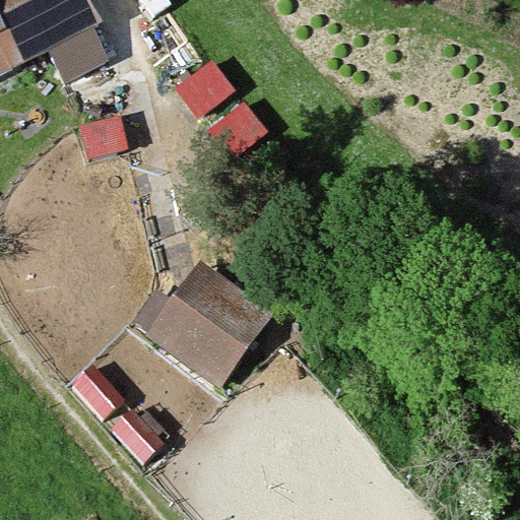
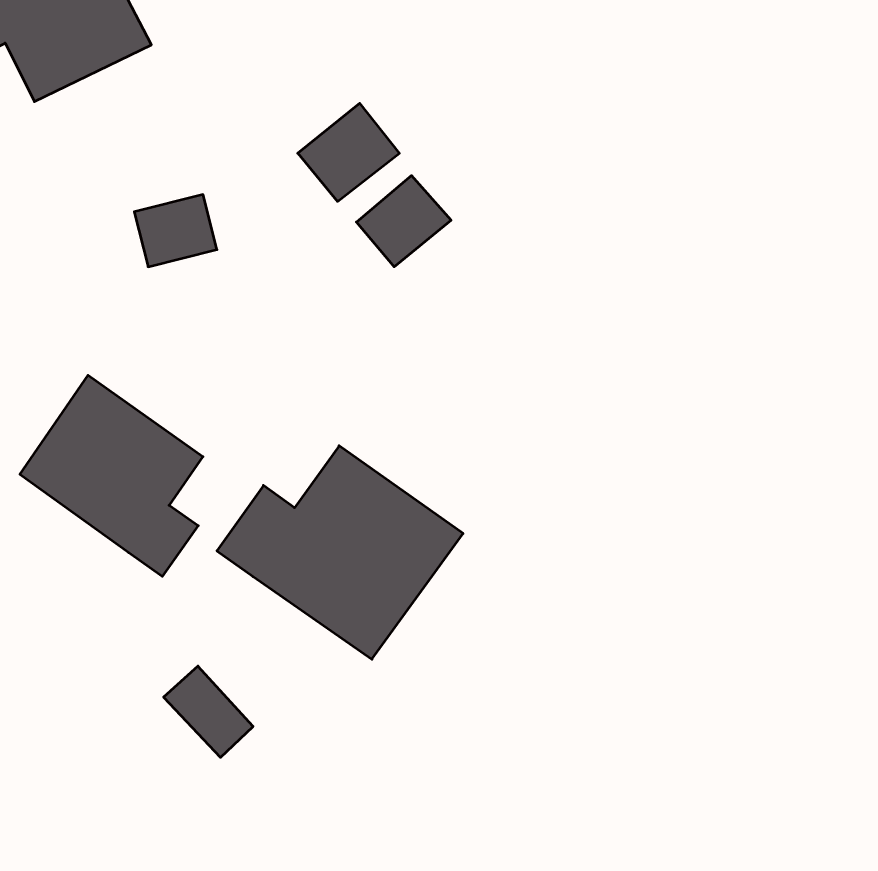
building: none -> [20,375,203,576]

